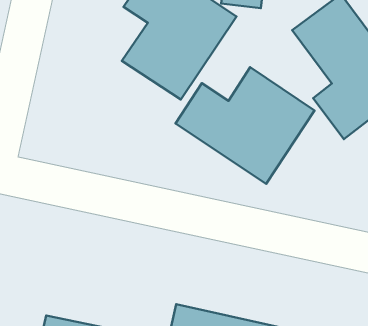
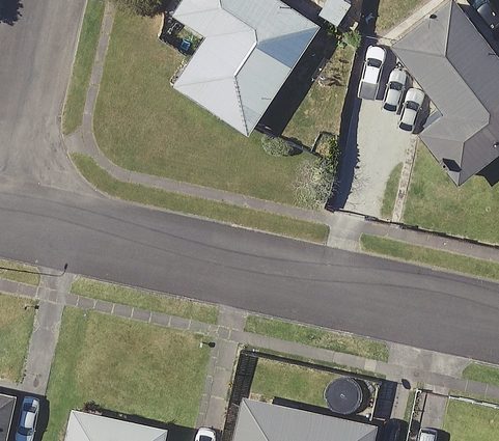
building: [176,67,315,184] -> none

